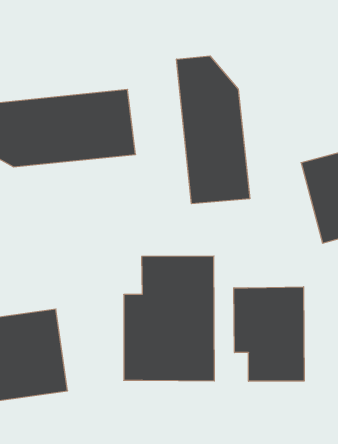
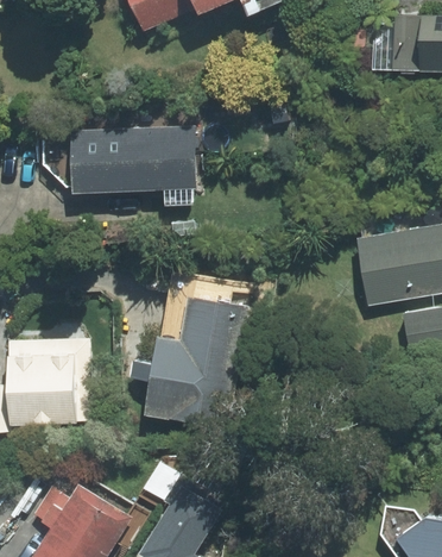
building: [177,56,250,204] -> none
building: [234,287,304,381] -> none

